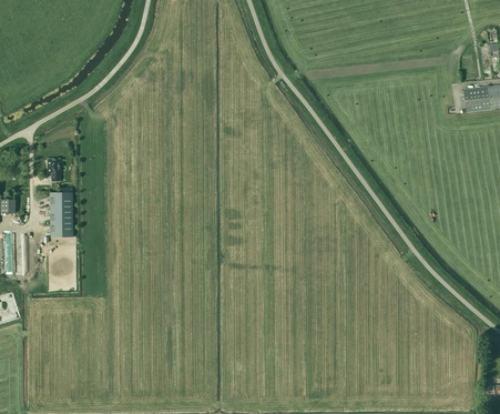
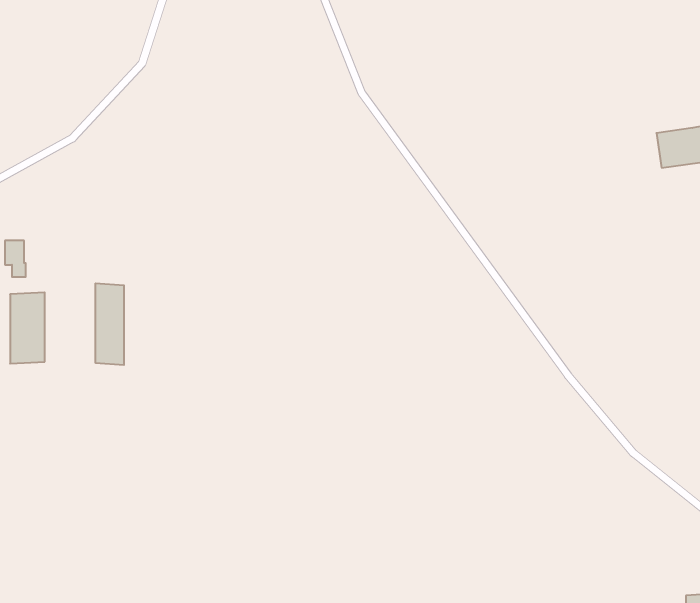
building: none -> [96,283,124,365]

